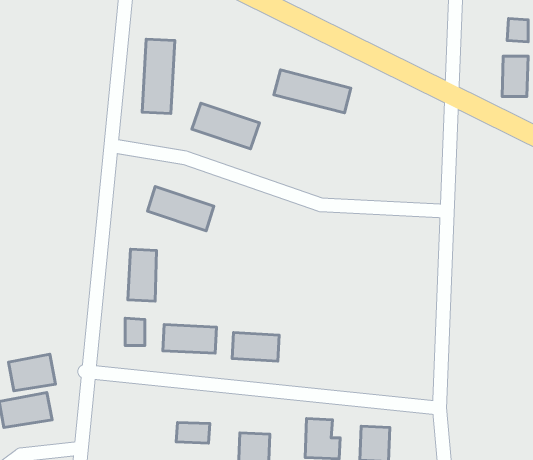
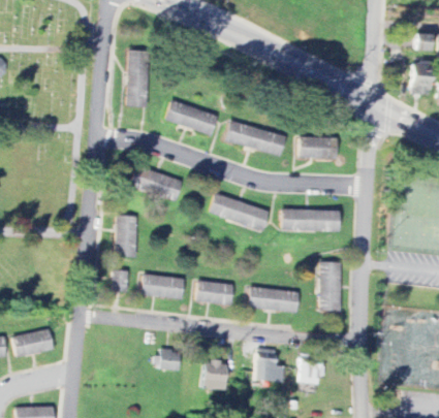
building: [274,70,351,113] -> [224,122,285,156]
building: none -> [299,136,336,160]
building: none -> [208,193,269,231]
building: none -> [280,210,338,232]
building: none -> [319,262,341,312]
building: none -> [248,287,300,314]
building: [8,354,56,391] -> none

